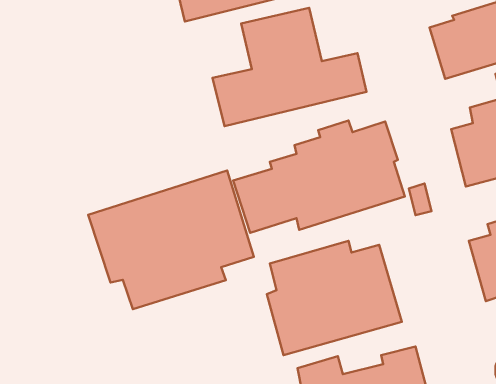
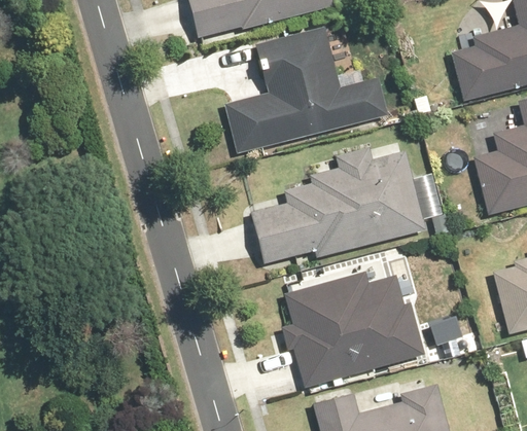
building: [88,171,254,309] -> none

